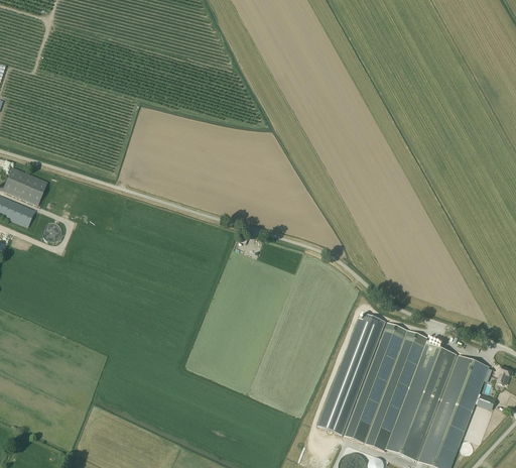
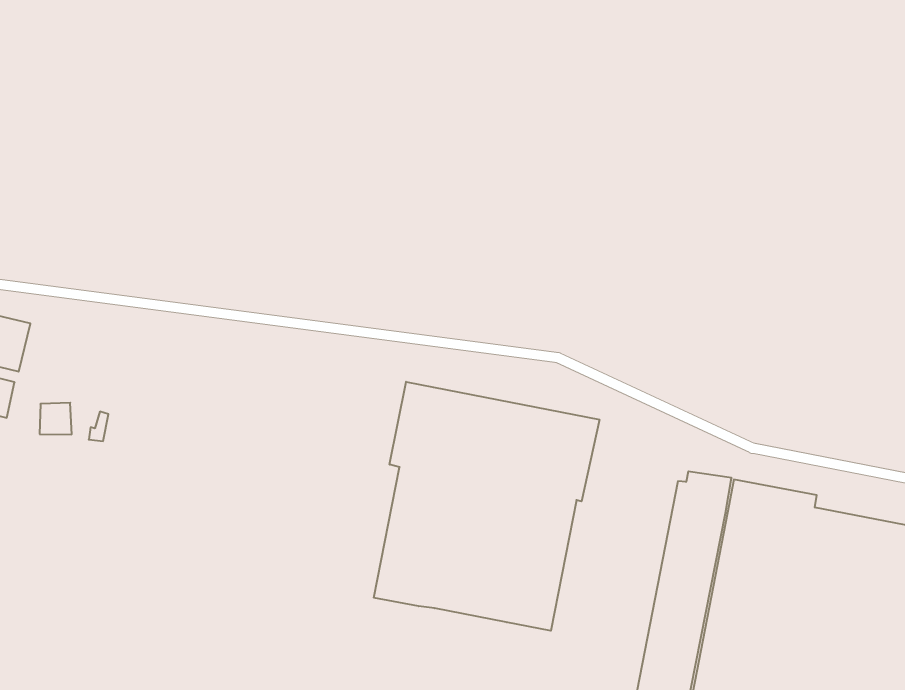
building: none -> [374,382,599,631]

